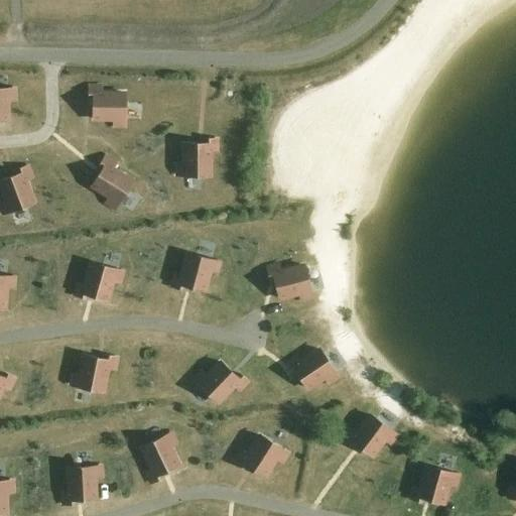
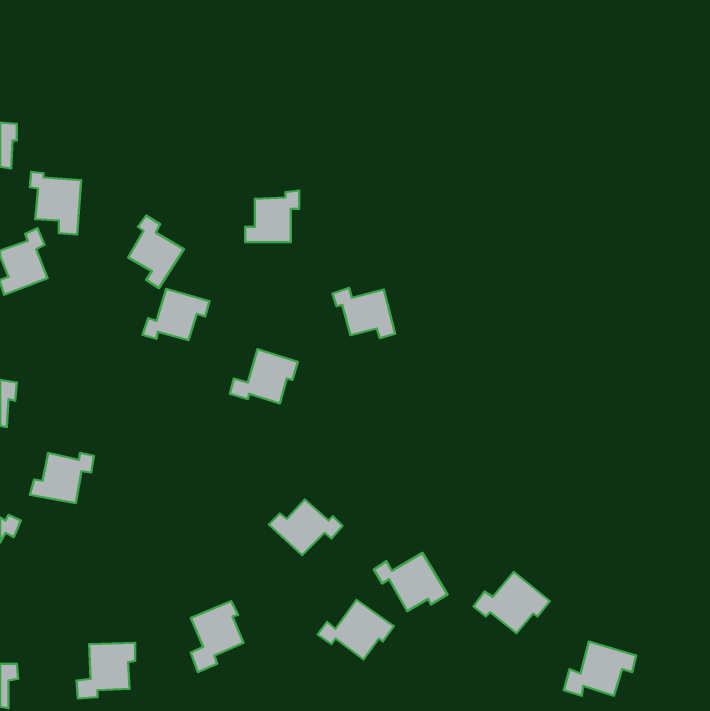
building: [89,86,126,131] -> [30,172,81,235]
building: [76,262,124,299] -> [143,289,209,340]
building: [268,264,313,300] -> [332,288,395,338]
building: [282,349,336,391] -> [374,553,448,611]
building: [72,355,118,391] -> [30,453,94,503]

